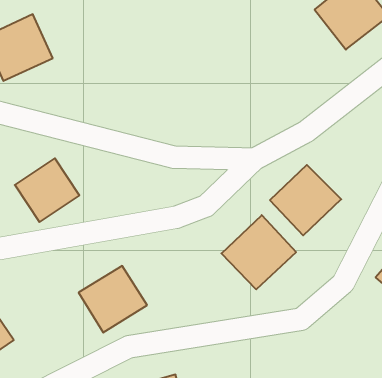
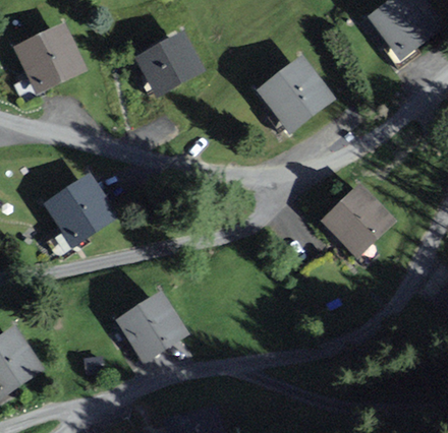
building: none -> [133,29,204,96]
building: none -> [255,54,336,134]
building: [221,215,296,289] -> none

